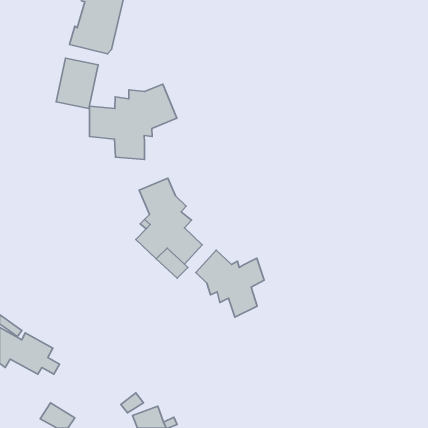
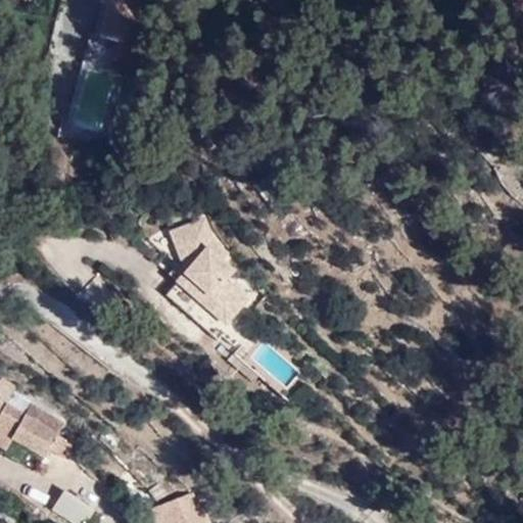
building: [89,84,177,160] -> none
building: [196,250,264,317] -> none

